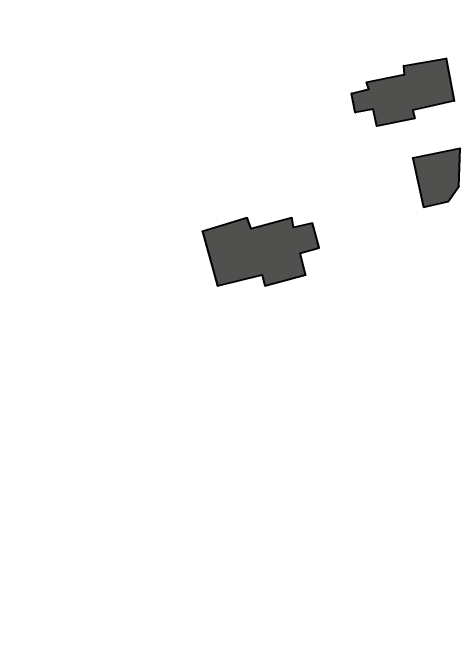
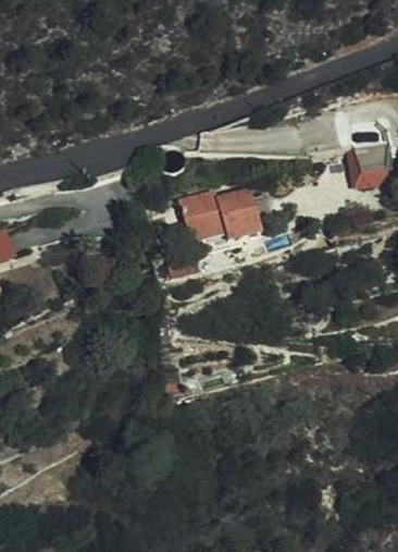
building: [352,58,454,126] -> none

